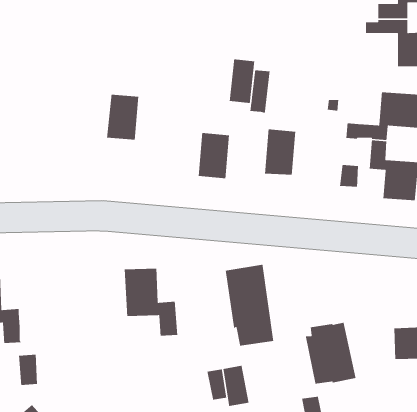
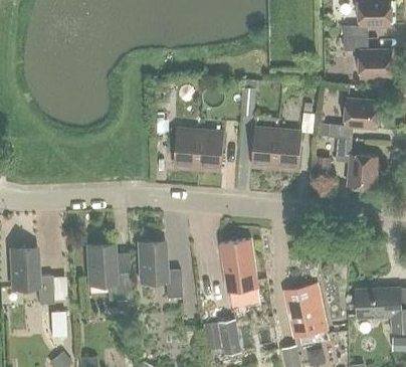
building: [229,58,255,104] -> none
building: [106,94,139,141] -> [173,128,200,166]
building: none -> [274,129,300,167]
building: none -> [85,242,130,300]

